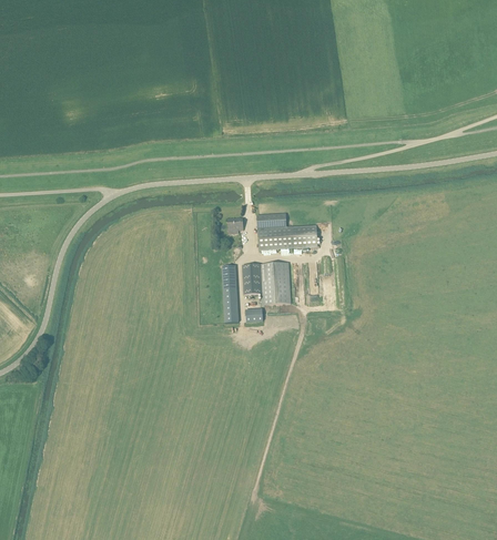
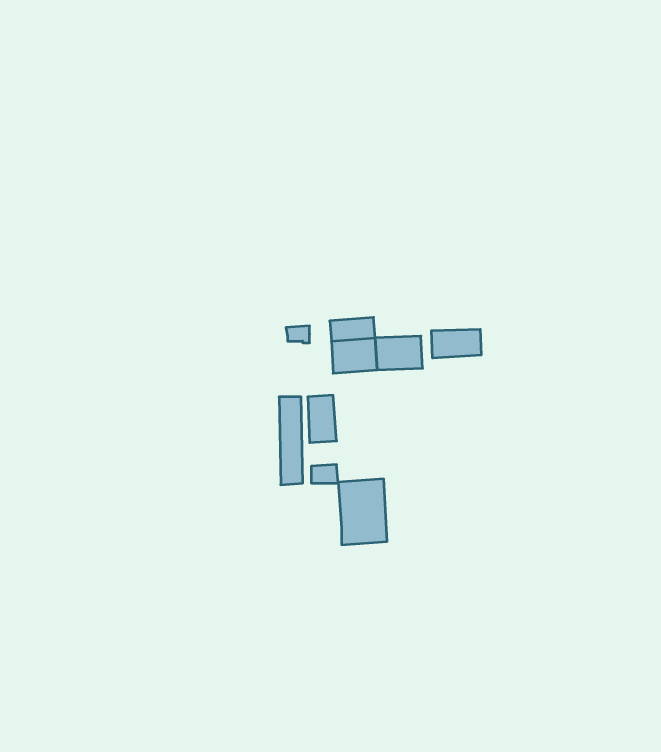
building: none -> [432,329,481,358]
building: [258,262,291,305] -> [338,479,387,545]

